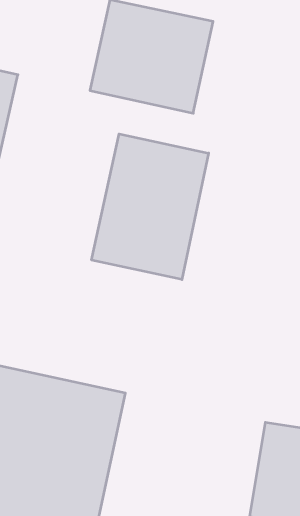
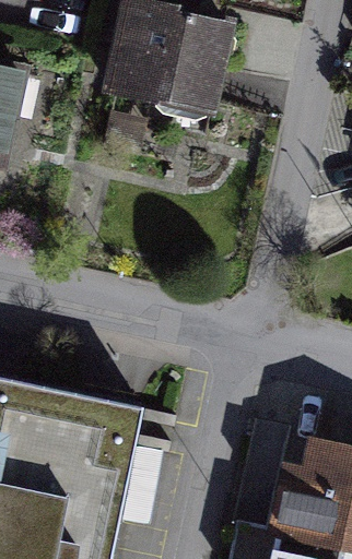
building: [92,134,209,280] -> none

